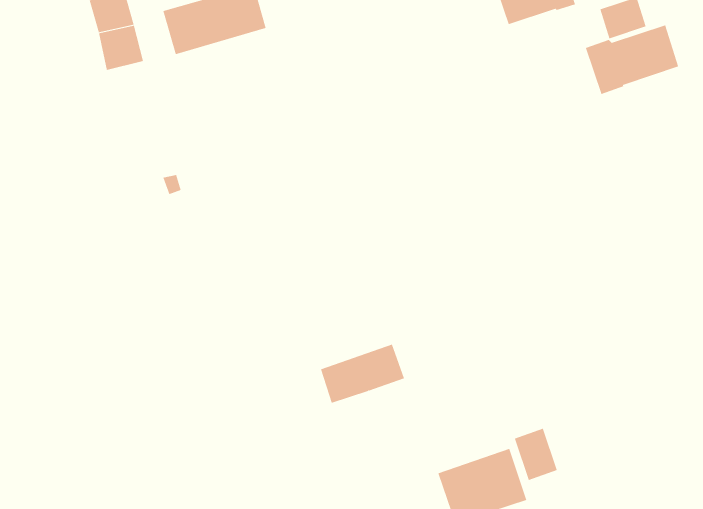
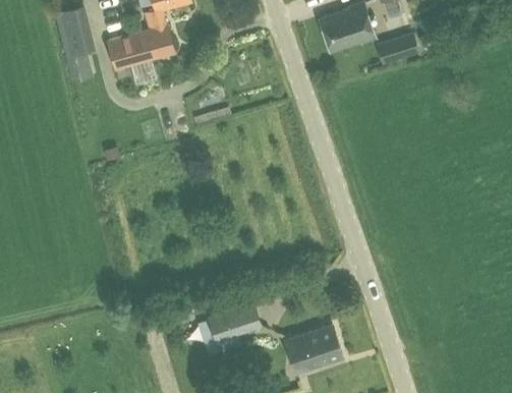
building: [585,25,679,95] -> none
building: [320,344,405,404] -> [207,304,262,343]
building: [514,428,558,481] -> none

